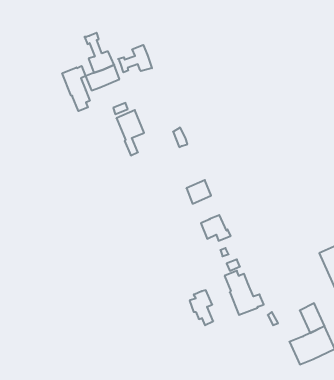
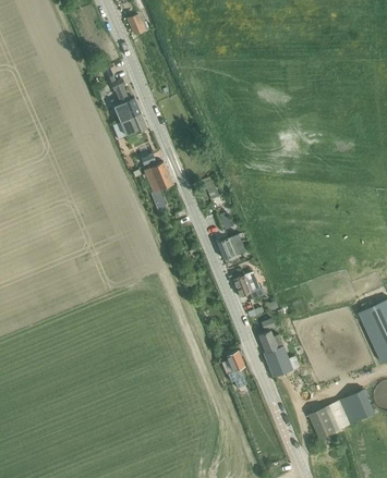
building: [118,45,152,72] -> none
building: [62,66,90,111] -> none
building: [300,303,325,333] -> [309,406,335,438]

